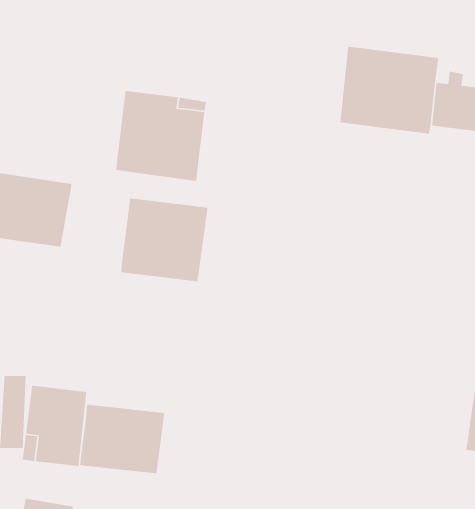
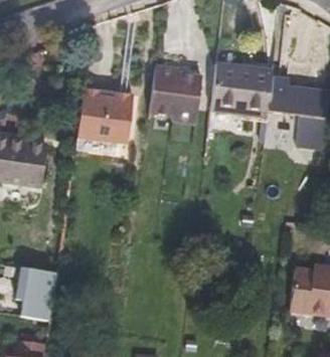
building: none -> [151,66,202,121]
building: [120,197,208,282] -> none
building: [80,404,165,474] -> none

